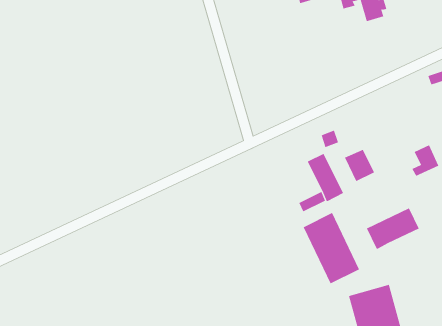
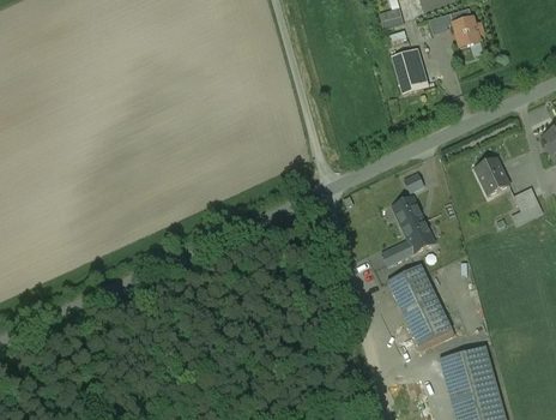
building: none -> [392,50,421,92]
building: [344,149,375,182] -> [475,157,509,194]
building: [366,208,419,249] -> none

